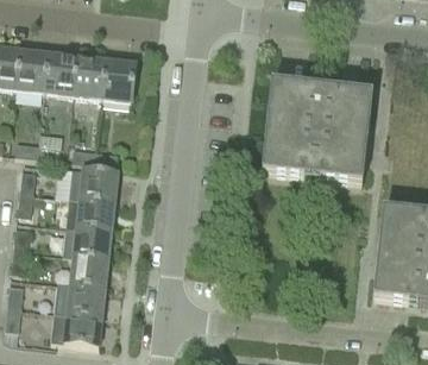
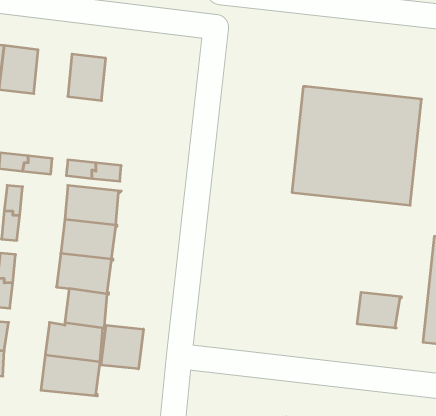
building: [45,56,77,95] -> none
building: [102,63,136,102] -> none
building: none -> [357,292,401,328]
building: none -> [101,325,143,369]

